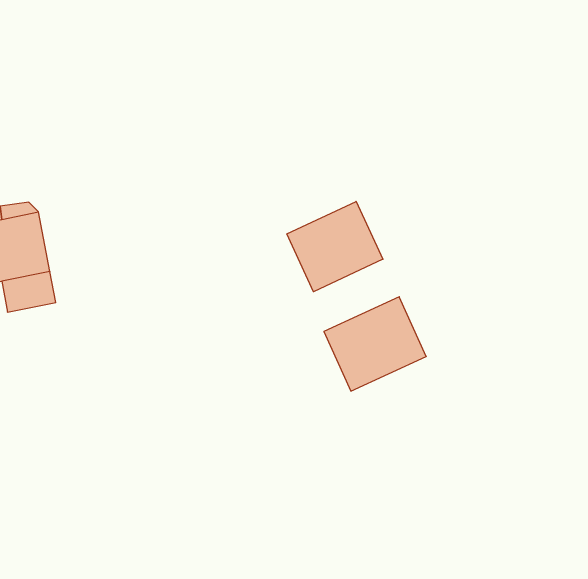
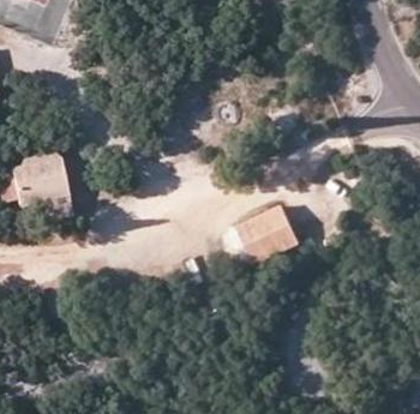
building: [287,201,383,292] -> none

